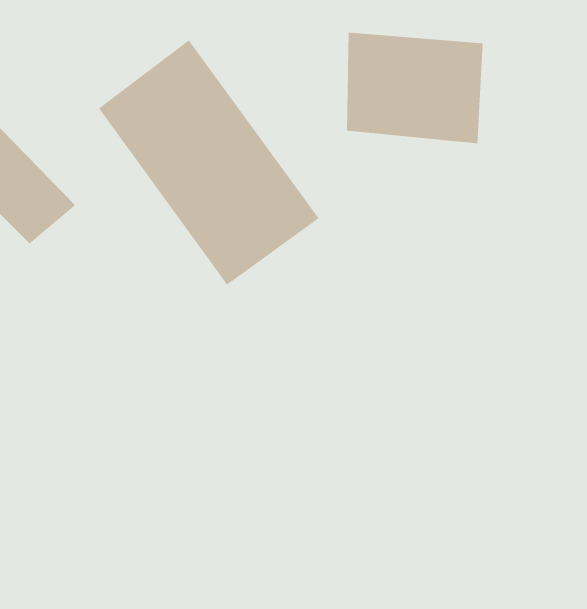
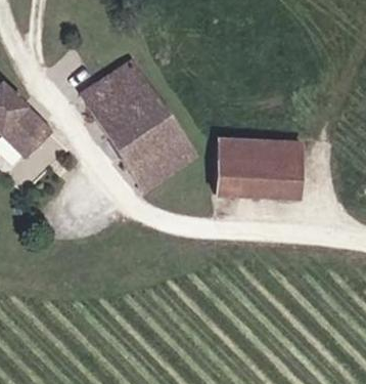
building: [346,32,484,144] -> [215,134,290,196]

